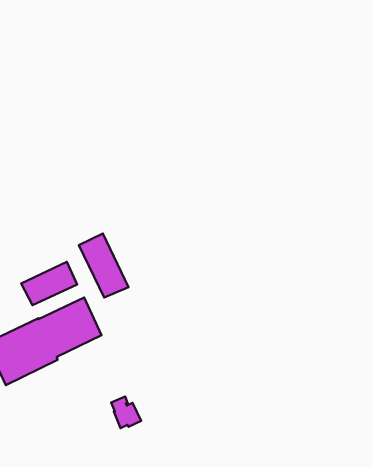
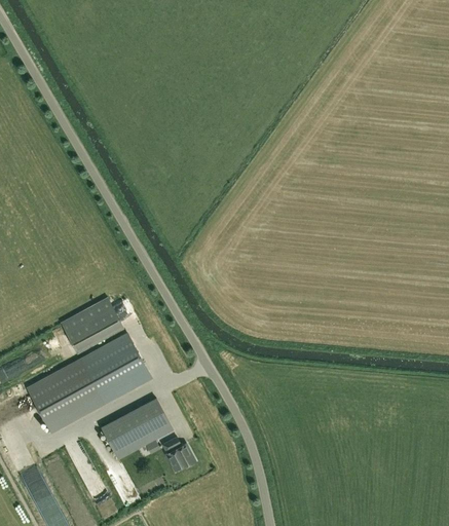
building: [79,233,128,298] -> none
building: none -> [101,399,172,458]

